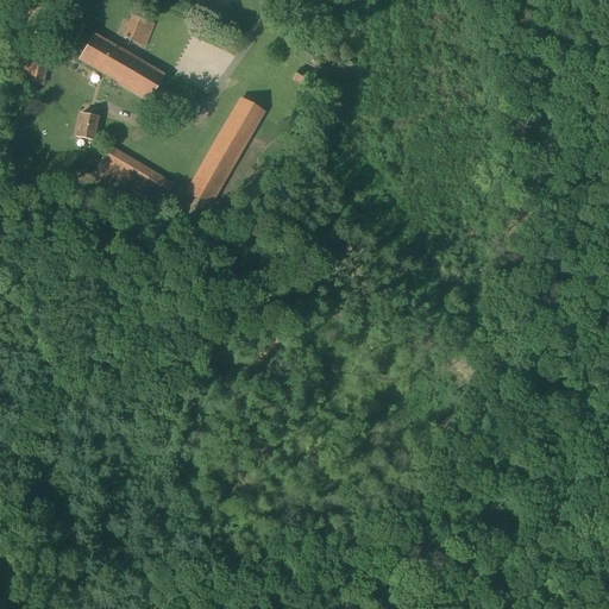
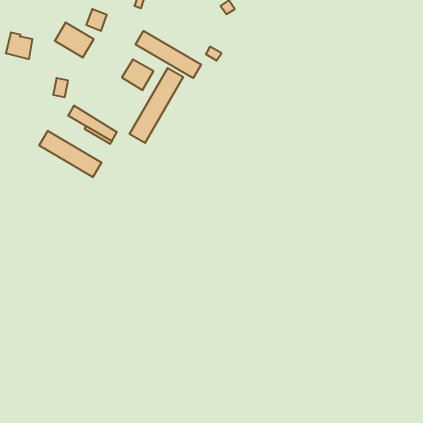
building: none -> [136,31,201,78]
building: [120,56,165,100] -> [122,59,153,90]
building: none -> [39,131,101,177]

